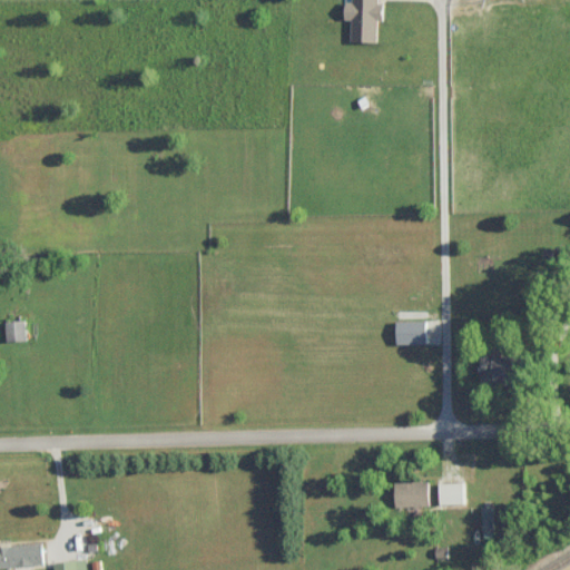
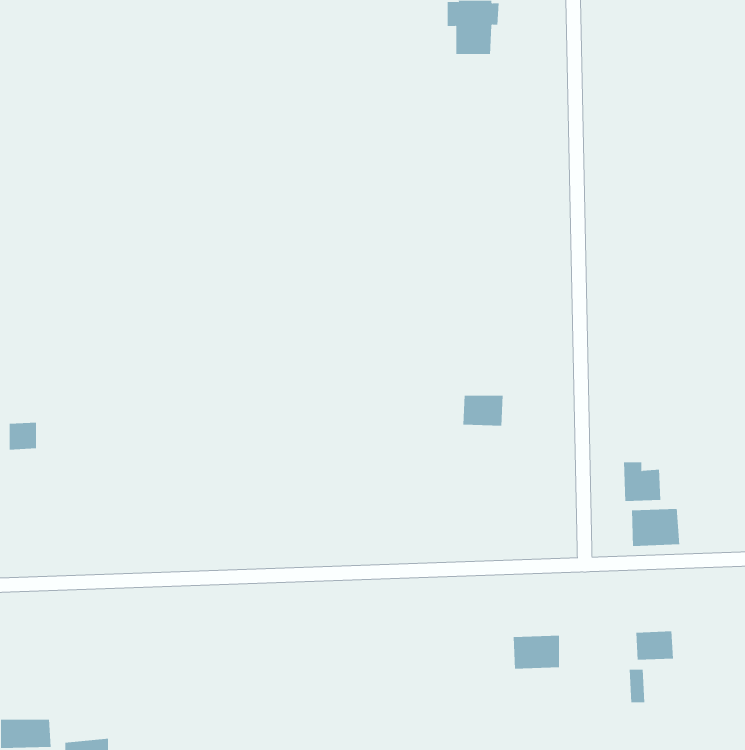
building: [394,322,425,345] -> [462,395,504,426]
building: none -> [631,508,680,547]
building: [438,483,466,505] -> [636,631,674,660]

